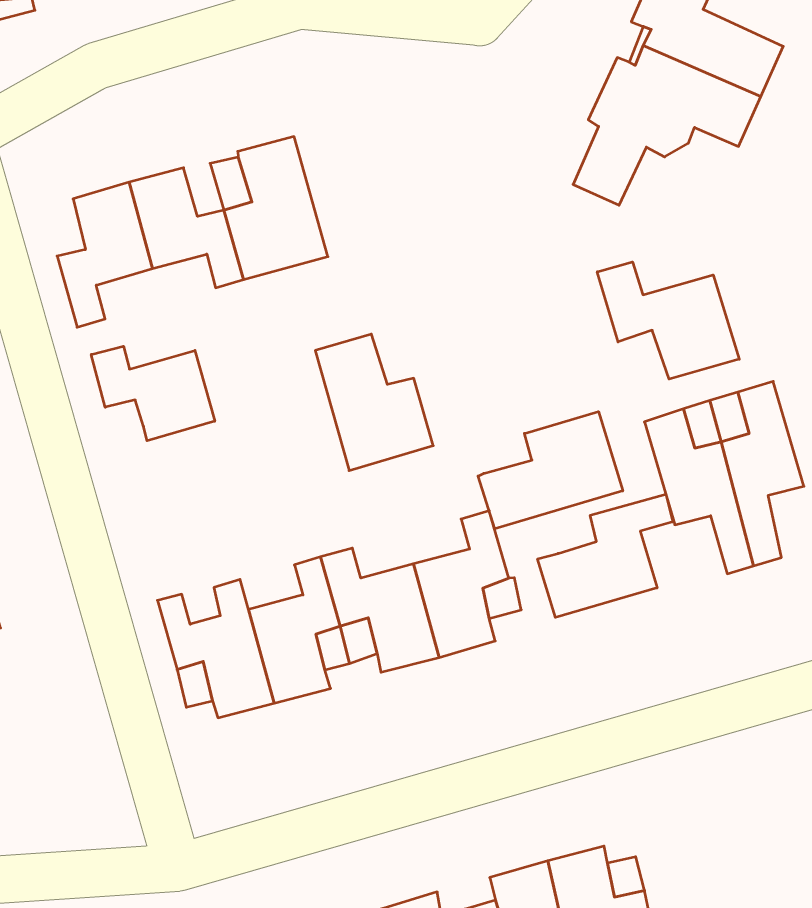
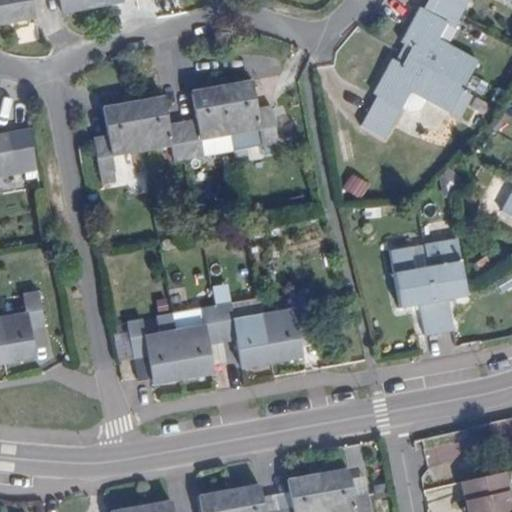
building: [597,262,739,379] -> none
building: [315,334,433,471] -> [221,79,278,149]
building: [91,346,215,441] -> none
building: [478,412,623,529] -> none
building: [538,494,673,617] -> none

